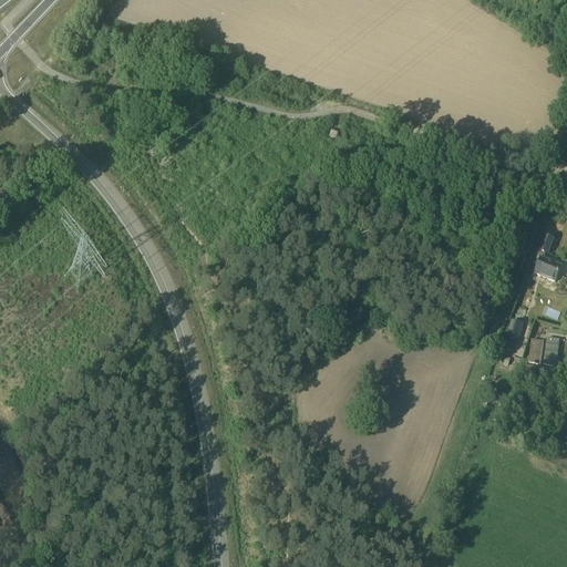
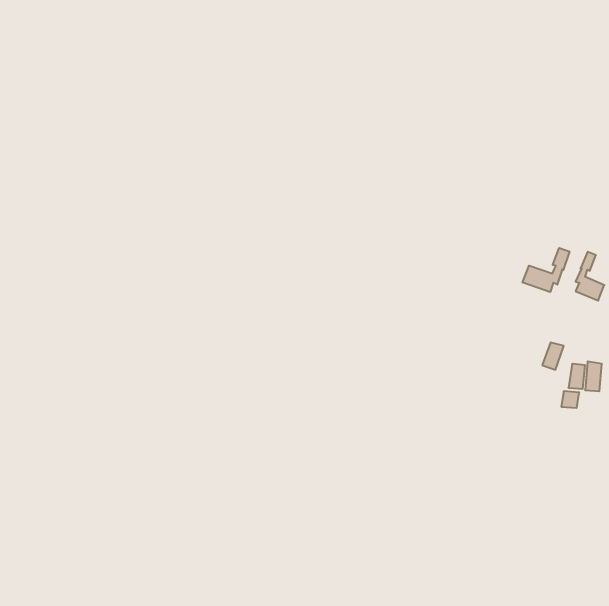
building: none -> [523,248,569,292]

